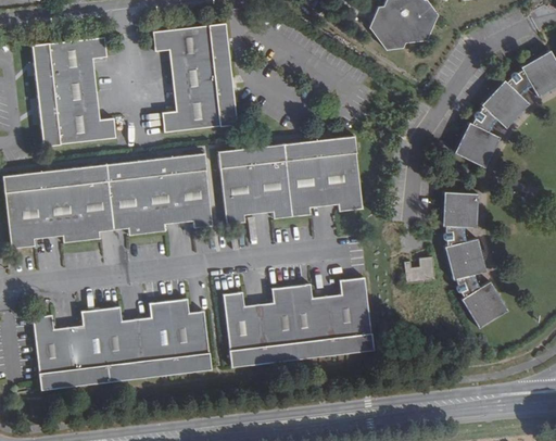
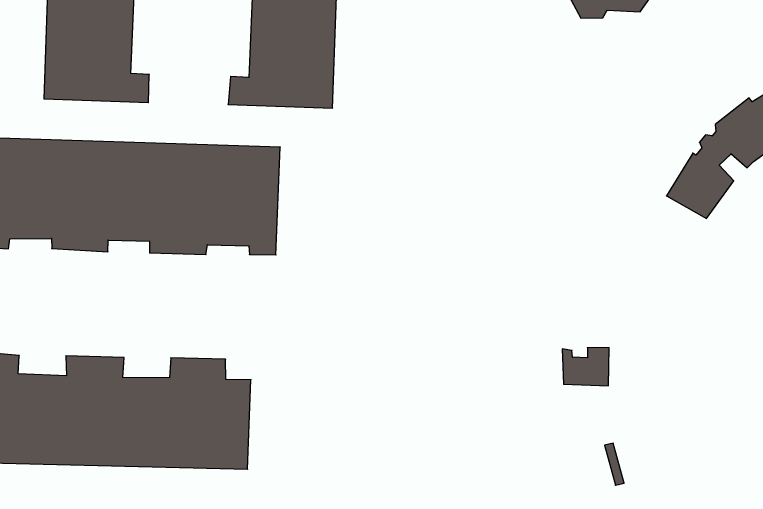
building: [219,138,361,225] -> none
building: [445,191,511,324] -> none
building: [225,278,374,366] -> none

